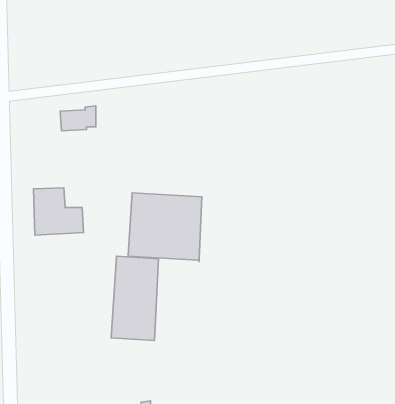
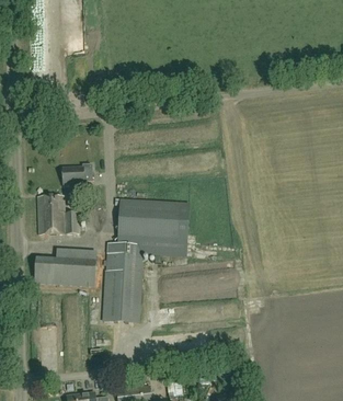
building: [60,106,96,131] -> [61,162,91,183]
building: none -> [35,256,95,285]

